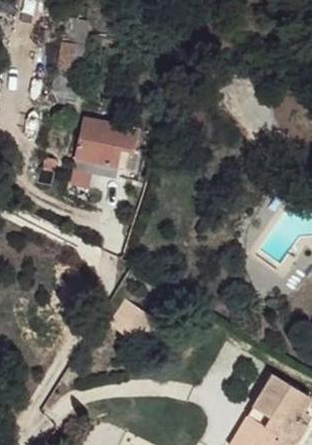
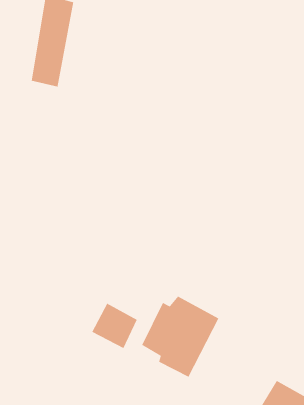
building: [68,117,134,167] -> none
building: none -> [141,295,220,378]

